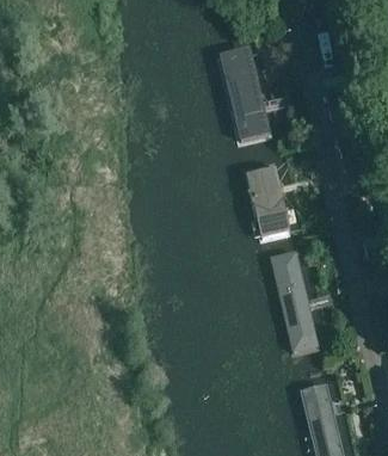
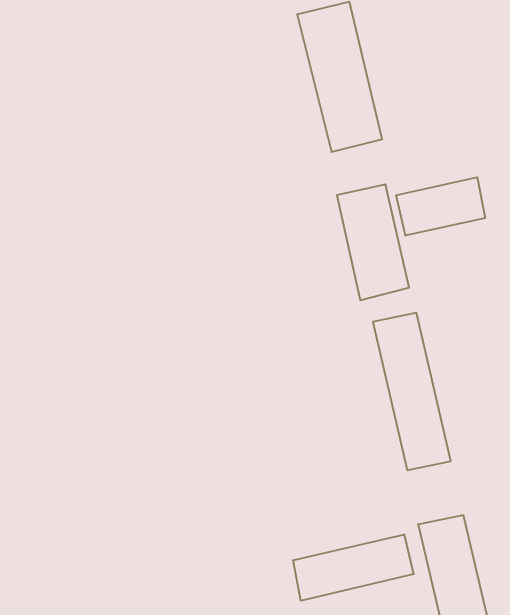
building: none -> [396,177,485,236]
building: none -> [293,534,414,601]

